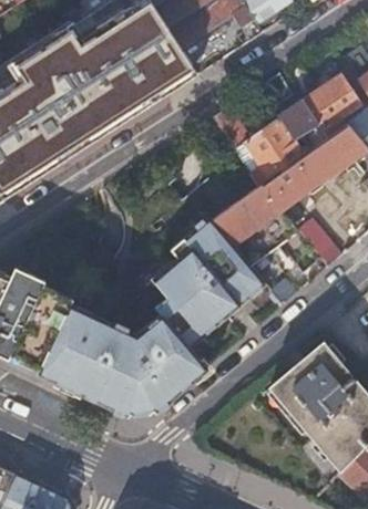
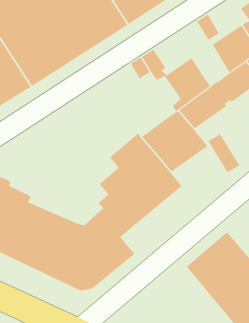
building: [258,75,325,148] -> none

